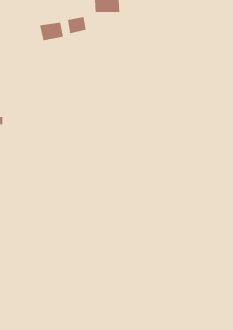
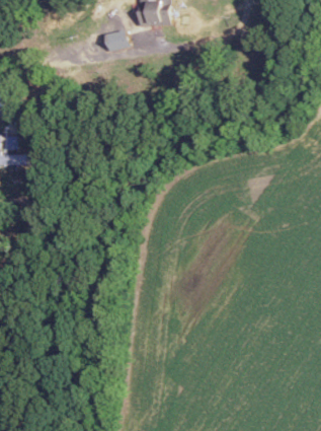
building: [40,22,63,41] -> none

